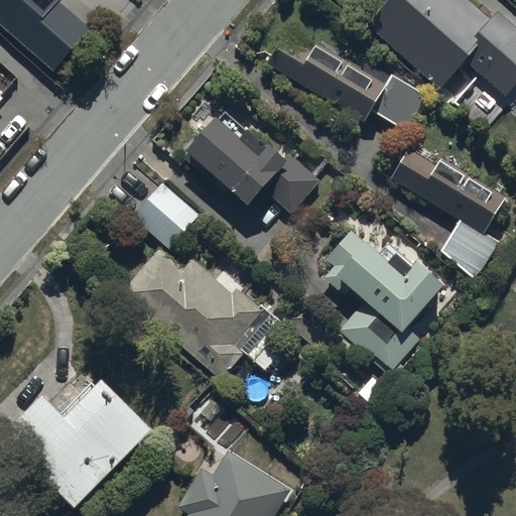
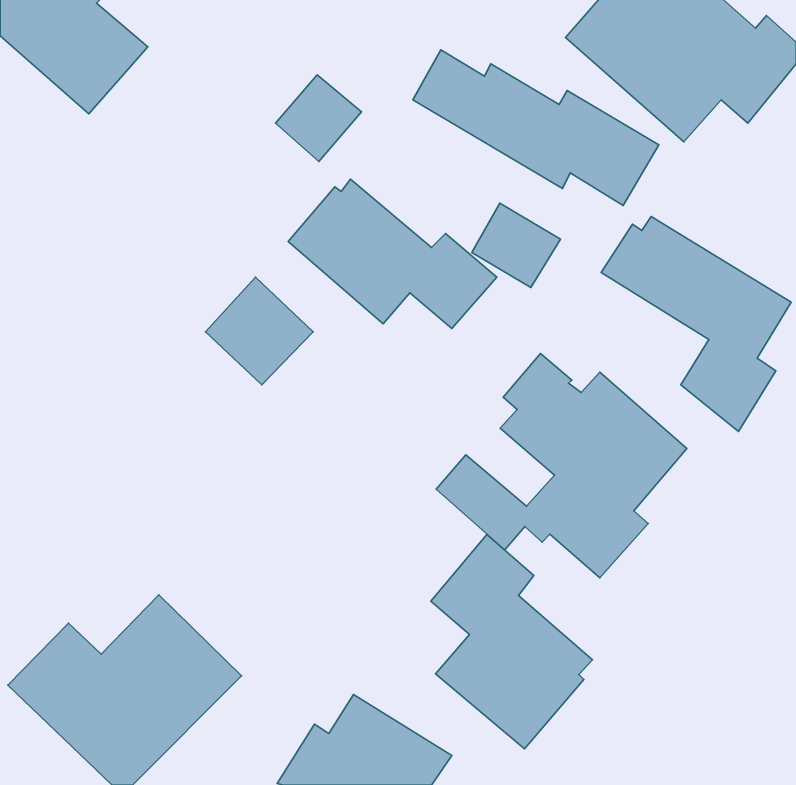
building: none -> [276,75,362,162]
building: none -> [472,203,561,287]
building: [121,247,264,377] -> none
building: none -> [431,535,593,749]

